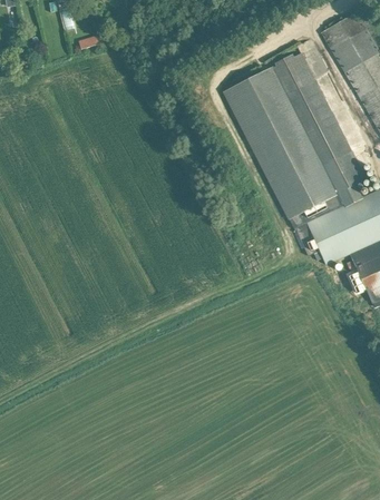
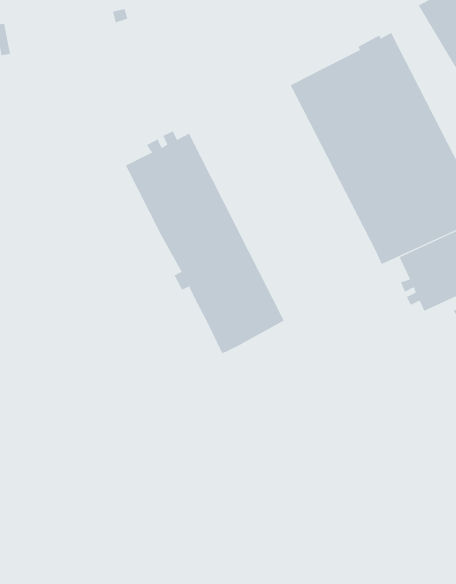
building: none -> [125,130,285,354]

